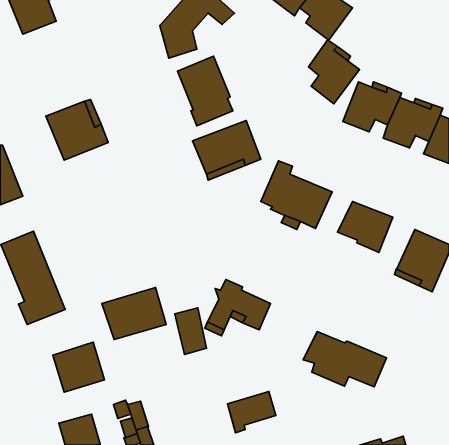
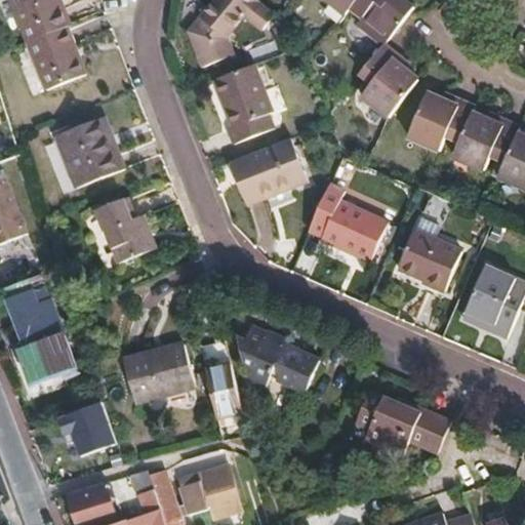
building: none -> [25,25,85,90]
building: none -> [95,196,158,264]
building: [228,392,276,433] -> [179,462,236,511]

